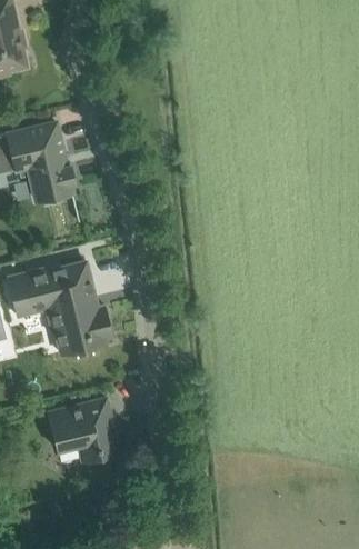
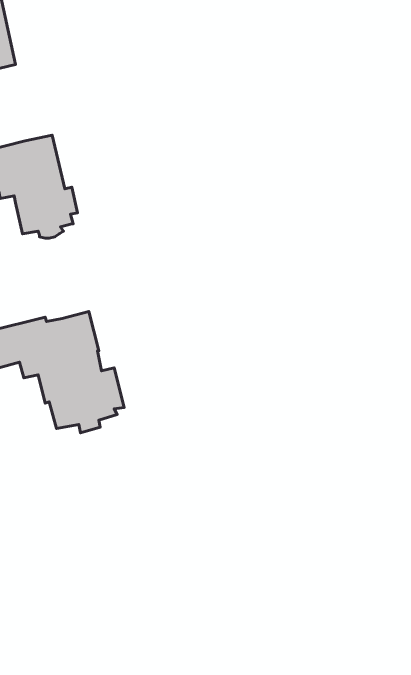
building: [47,399,120,462] -> none

